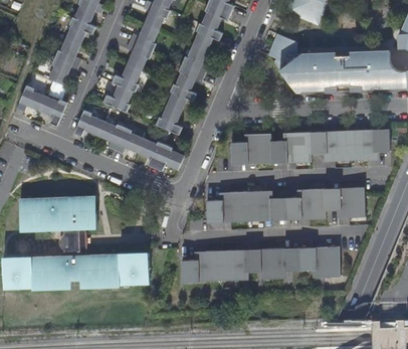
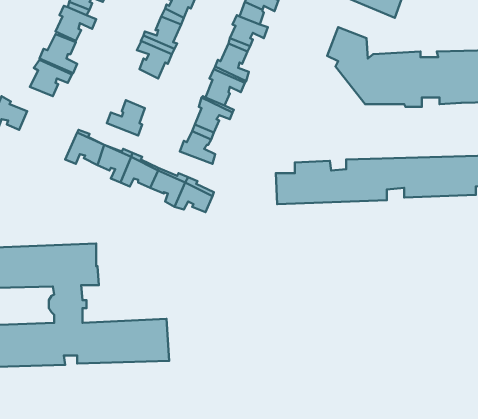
building: [112,66,142,94] -> none
building: [38,96,64,125] -> none
building: [206,186,365,225] -> none
building: [181,245,340,282] -> none

